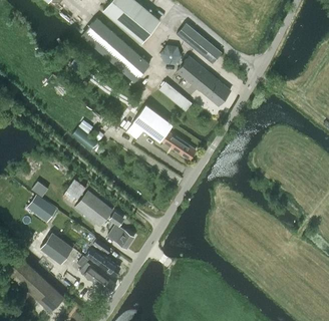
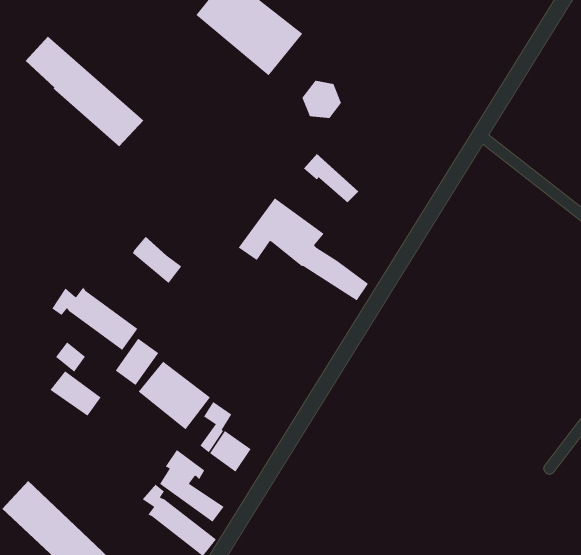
building: [88,20,150,78] -> [25,36,144,147]
building: [177,23,222,63] -> none
building: [177,56,230,105] -> none
building: none -> [52,287,138,351]
building: [39,232,73,264] -> none

